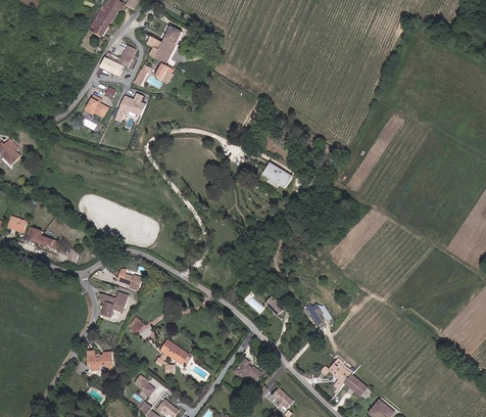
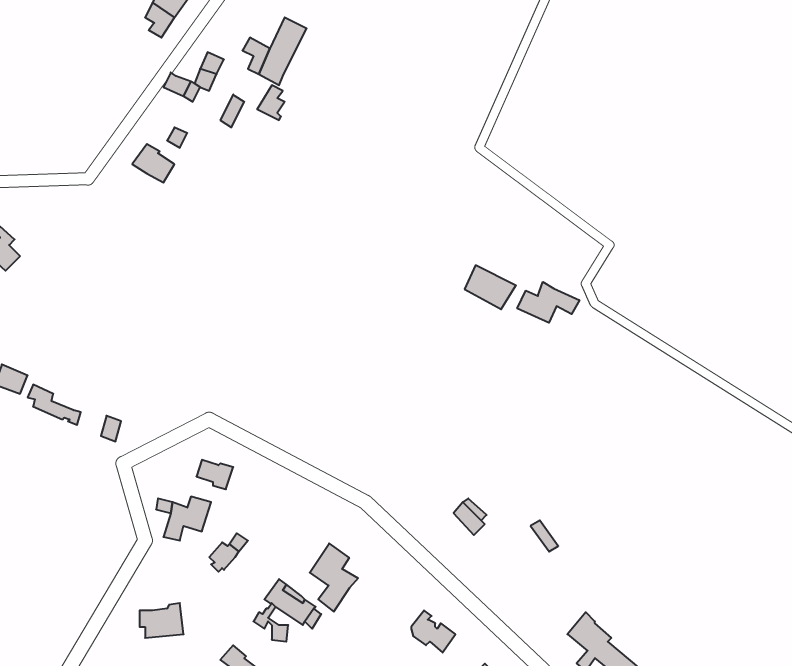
building: [114,92,145,122] -> none
building: none -> [517,282,579,323]
building: none -> [310,543,358,612]

